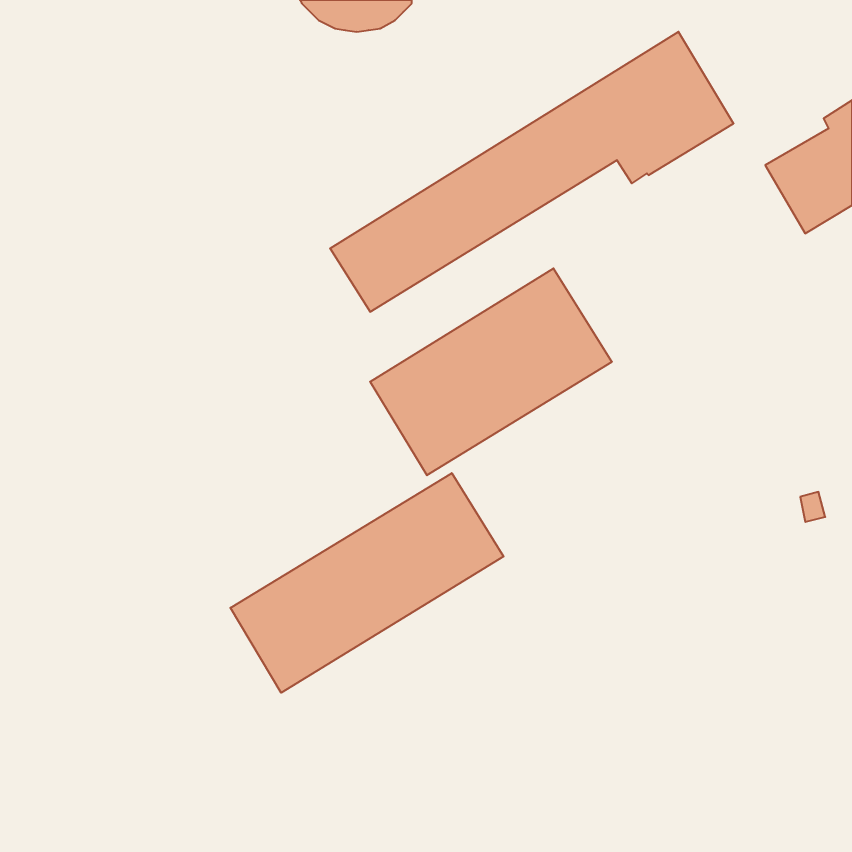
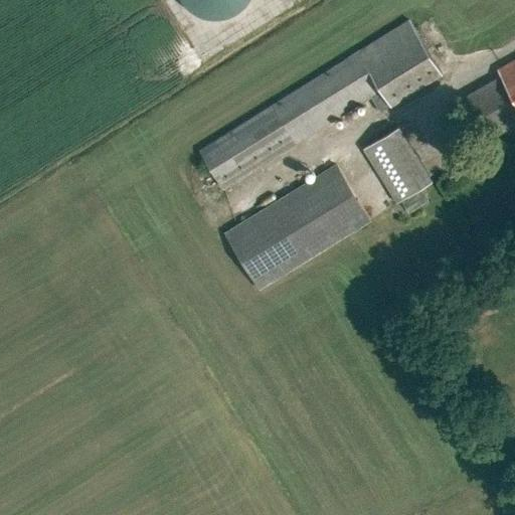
building: none -> [370,126,438,202]
building: [230,473,504,693] -> none

